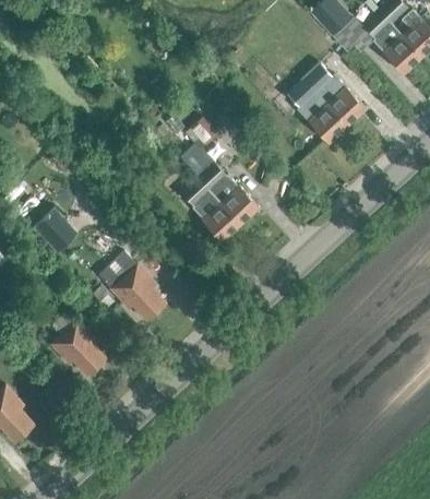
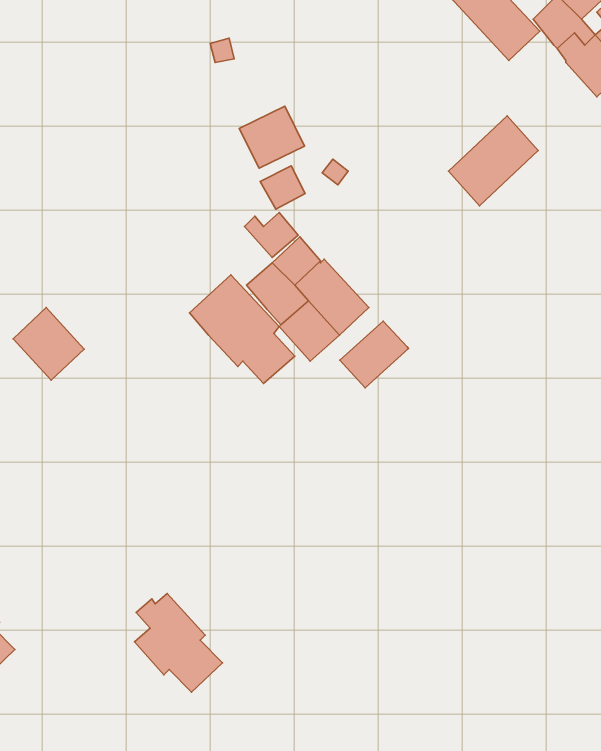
building: [287,64,346,121] -> none
building: none -> [239,106,305,168]
building: none -> [340,321,409,388]
building: [99,251,166,320] -> [189,275,295,384]
building: [51,313,107,376] -> [134,594,223,692]

